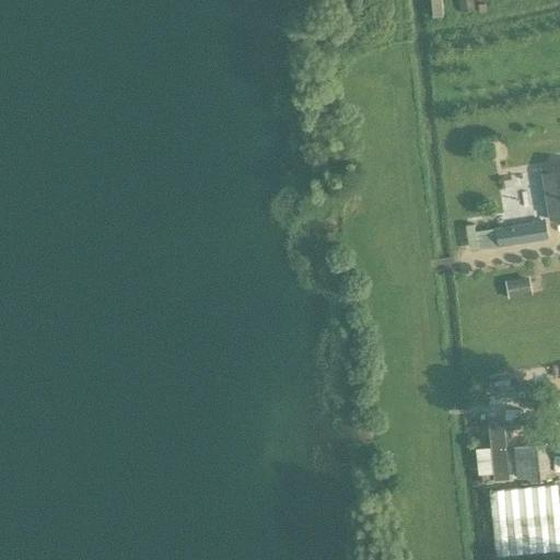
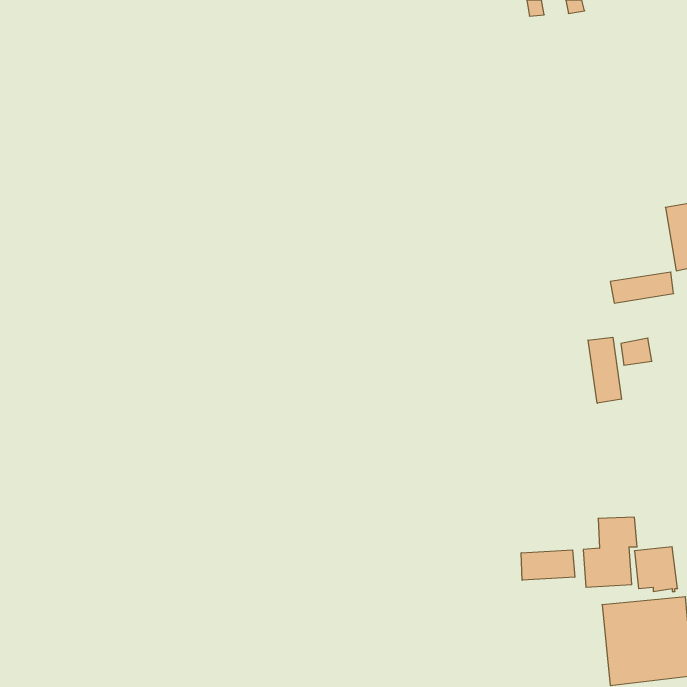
building: none -> [588,337,621,403]
building: none -> [521,550,575,580]

